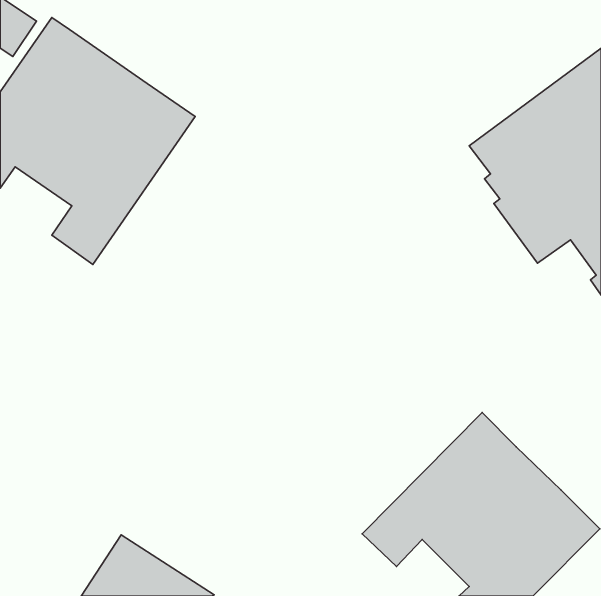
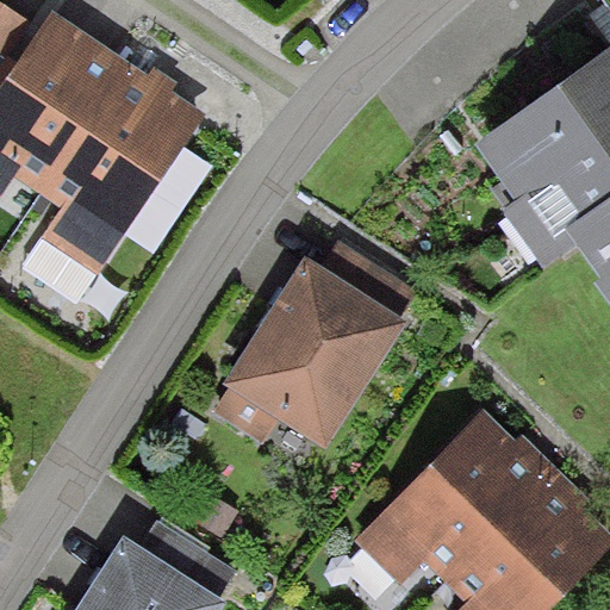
building: none -> [212,255,410,466]

